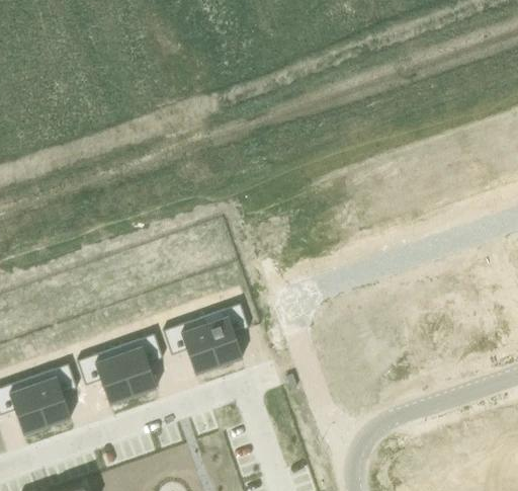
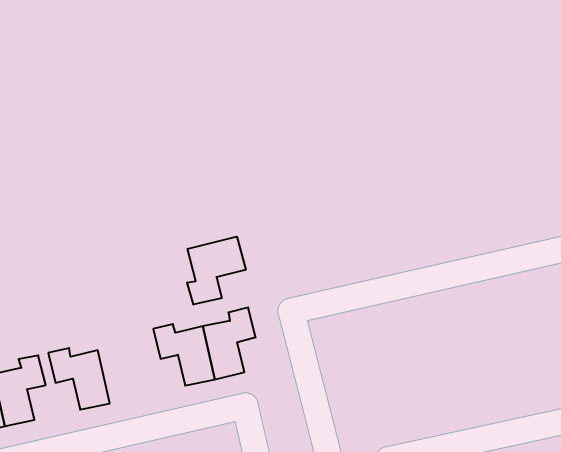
building: none -> [187,237,246,305]
building: [117,333,163,397] -> none

